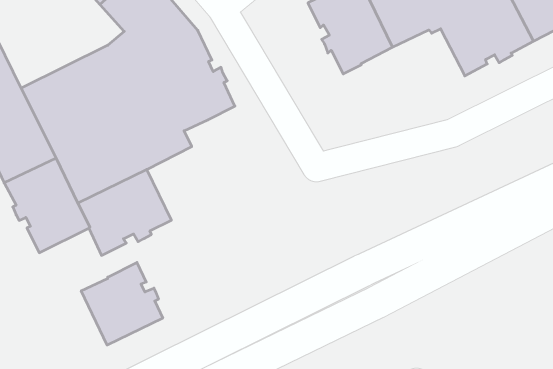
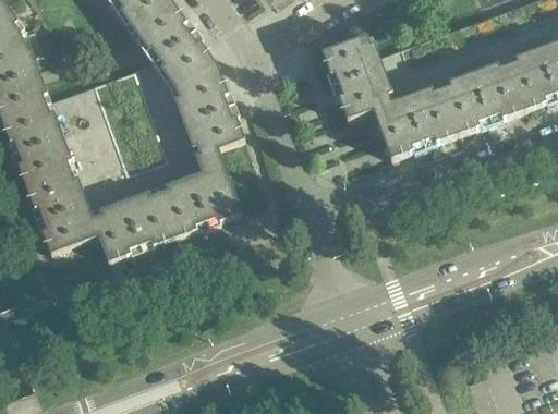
building: none -> [363,89,457,159]
building: none -> [156,149,241,238]
building: [81,262,163,345] -> none

